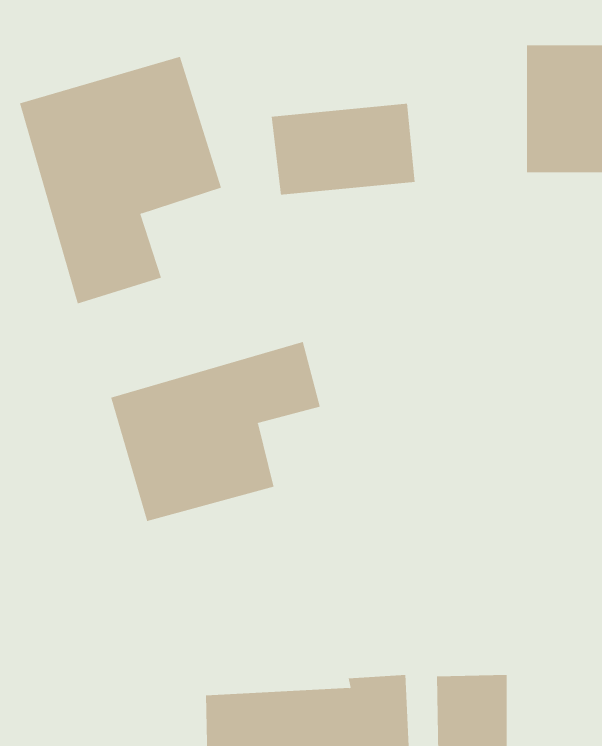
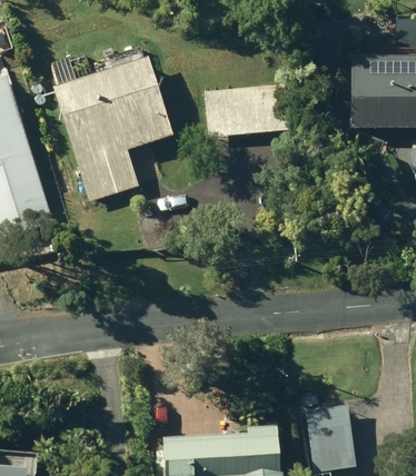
building: [111,341,321,522] -> none

